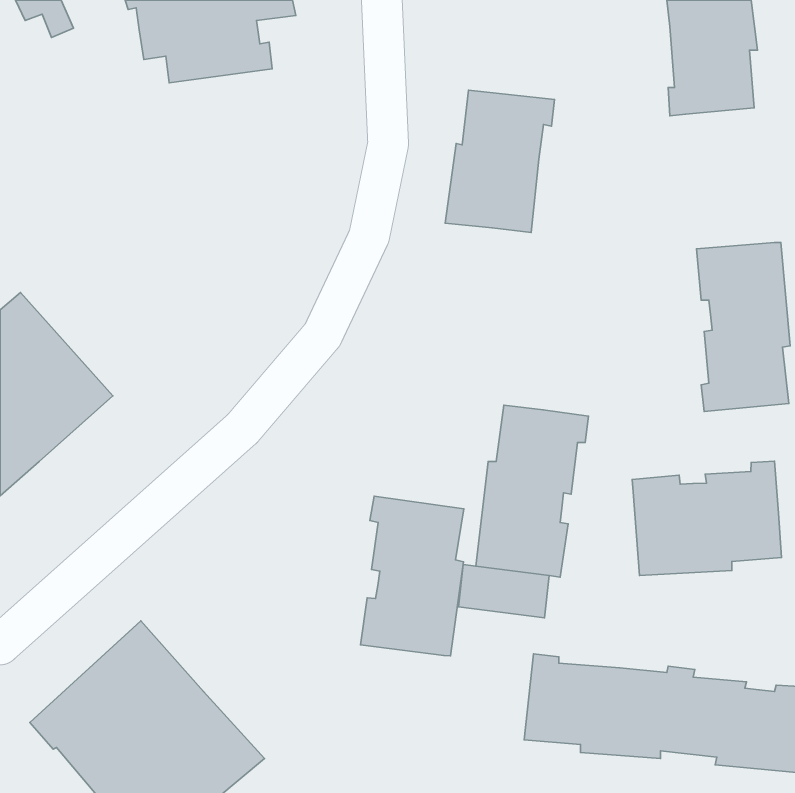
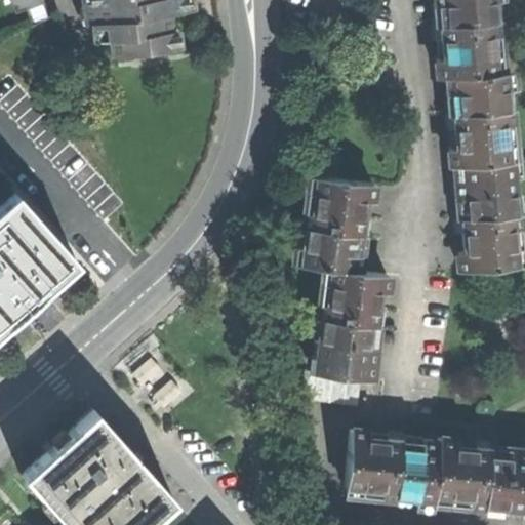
building: [445,90,555,233] -> [302,179,374,273]
building: none -> [452,74,512,168]
building: [632,461,782,576] -> none
building: [361,496,464,656] -> none

